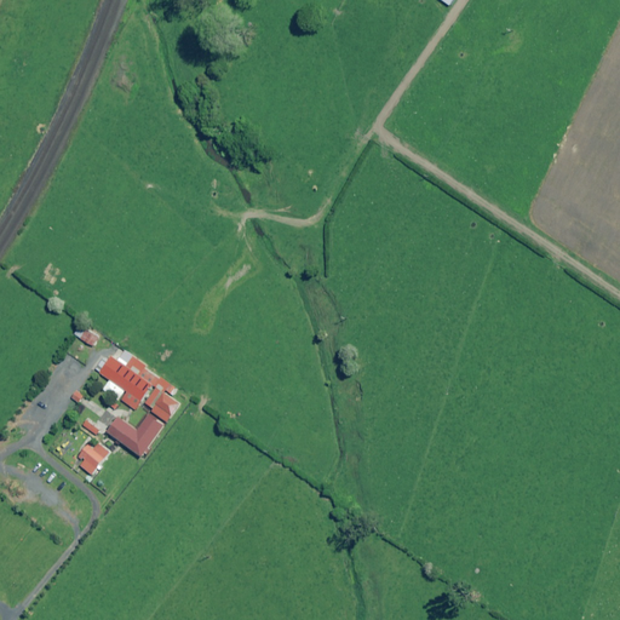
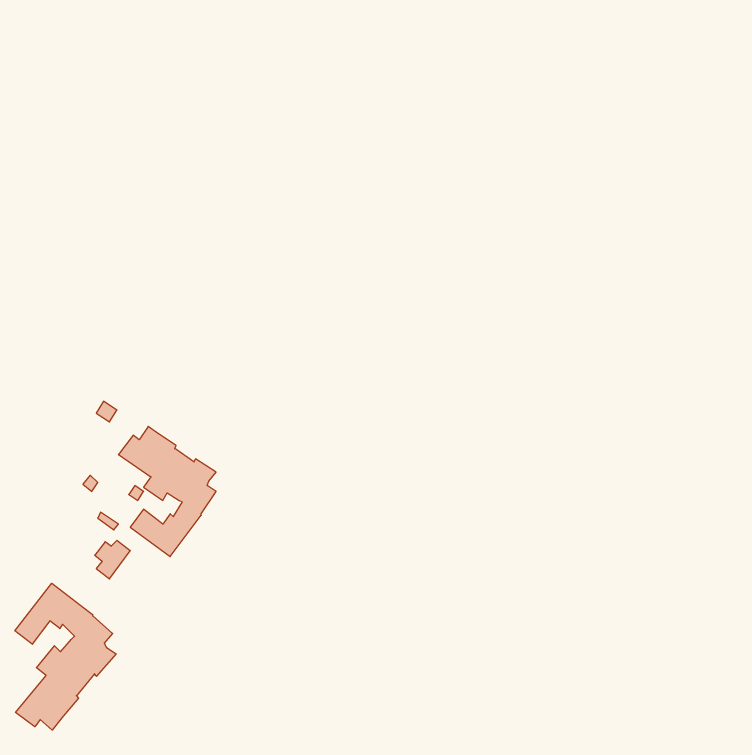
building: none -> [15,583,116,730]

